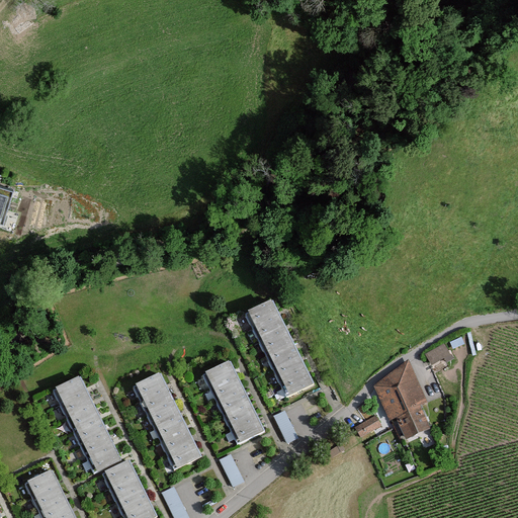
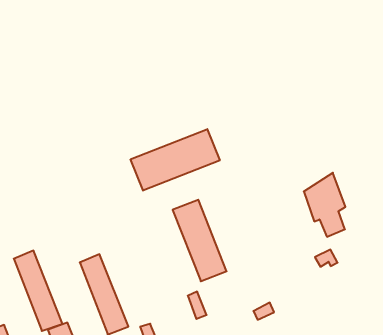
building: none -> [131,129,220,191]
building: [372,359,427,438] -> [304,173,345,237]
building: [203,361,266,445] -> none

